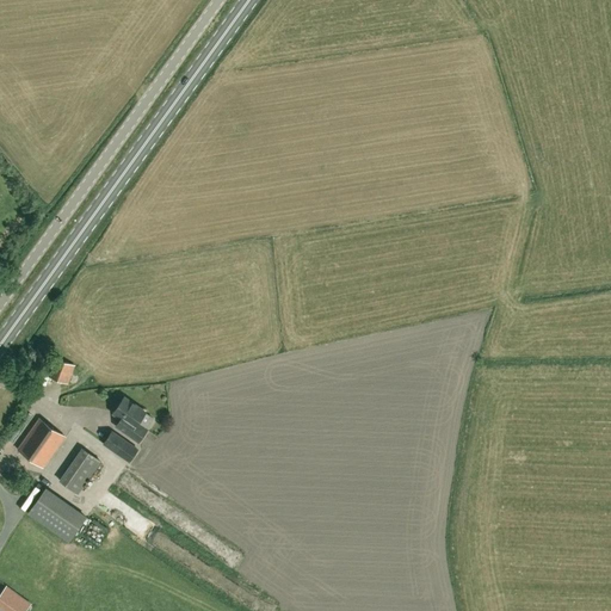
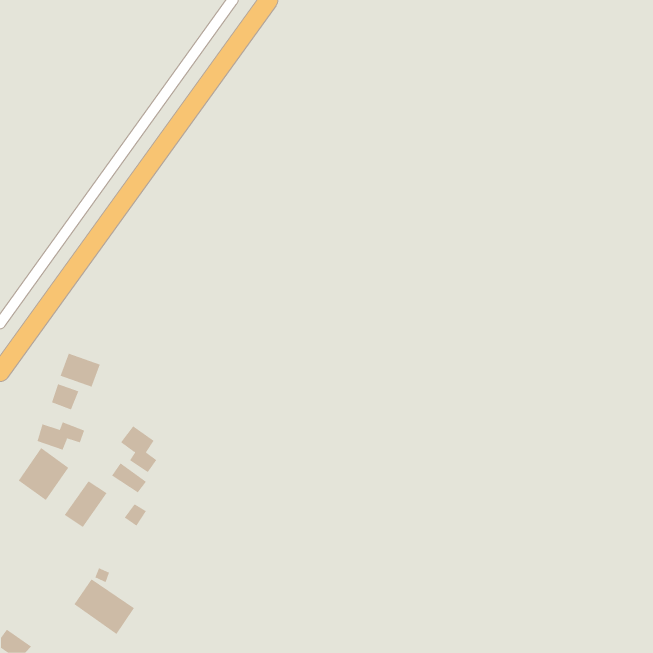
building: none -> [60,353,101,388]
building: none -> [37,422,85,451]
building: [29,489,86,542] -> [73,579,135,635]

